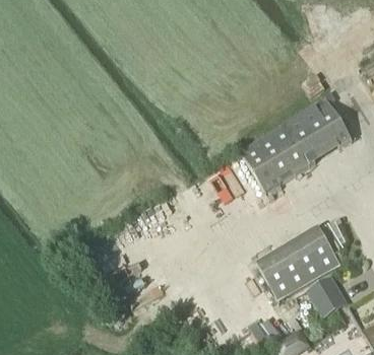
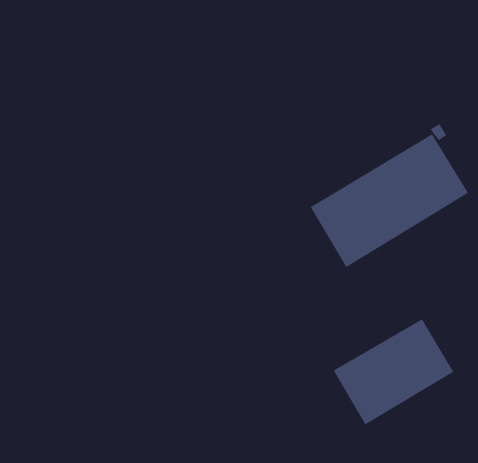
building: [307,276,348,316] -> none

